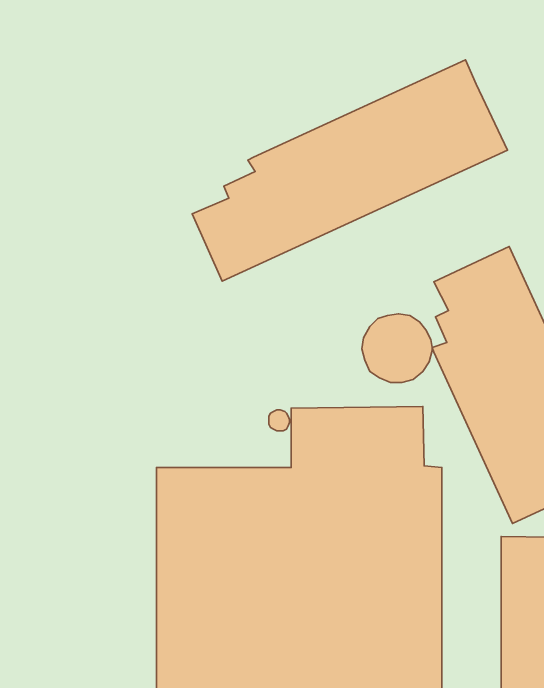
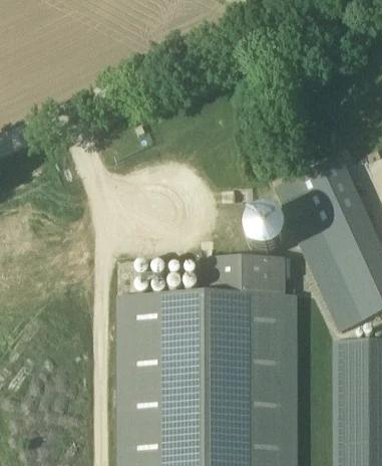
building: [192,60,508,281] -> none

